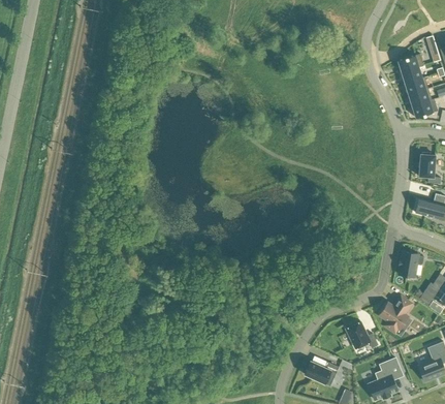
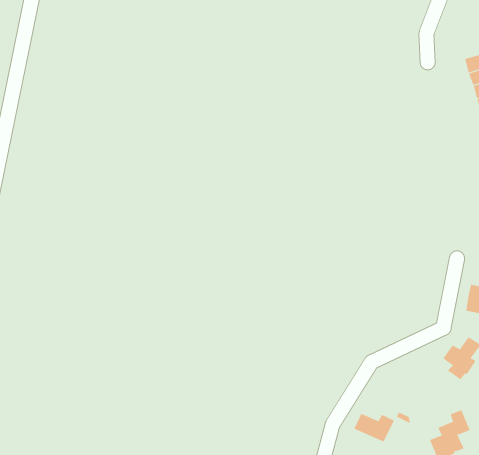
building: [346,321,378,348] -> none

